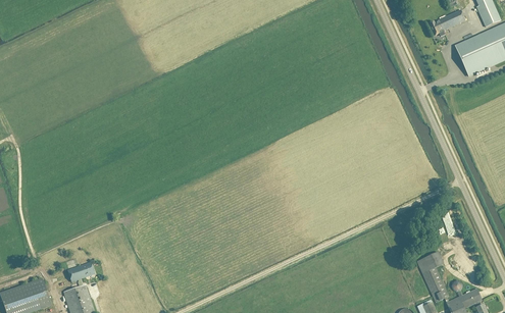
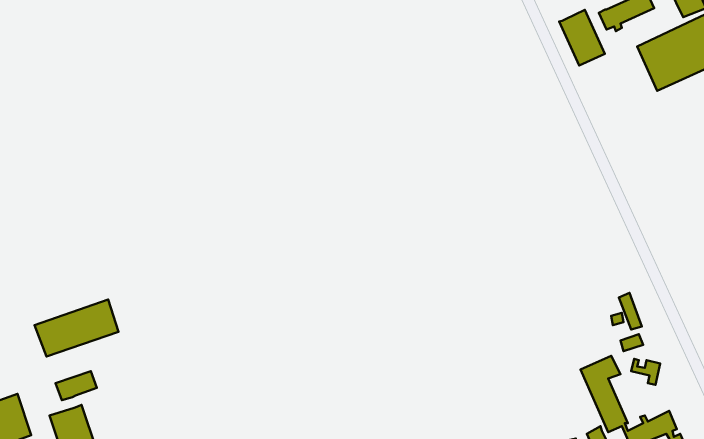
building: none -> [559,10,605,65]
building: none -> [34,300,119,356]

